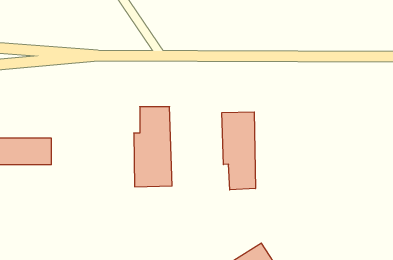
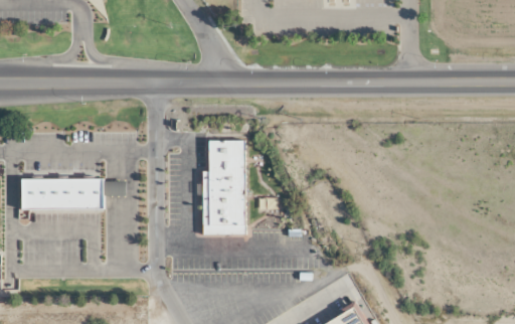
building: [222,112,255,190] -> none

